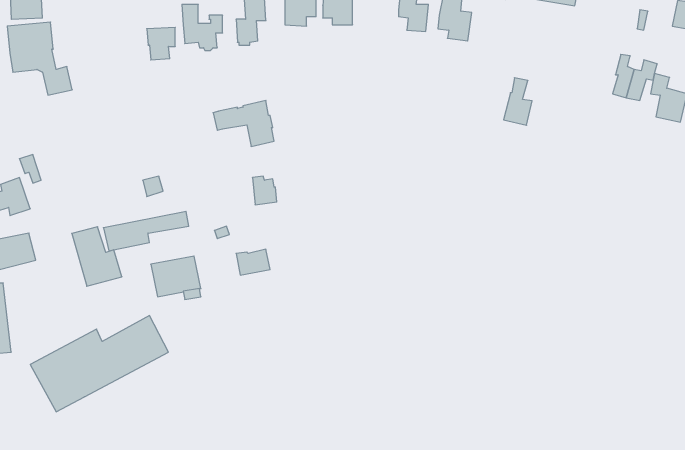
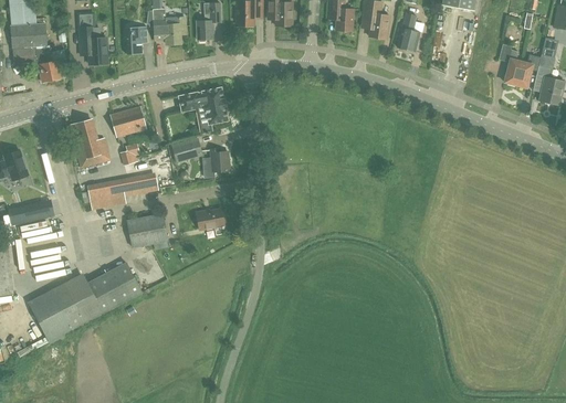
building: none -> [78,26,107,64]
building: [504,78,532,125] -> [396,12,419,51]
building: none -> [109,106,145,136]
building: none -> [171,137,201,161]
building: [72,227,122,286] -> [69,118,109,167]

